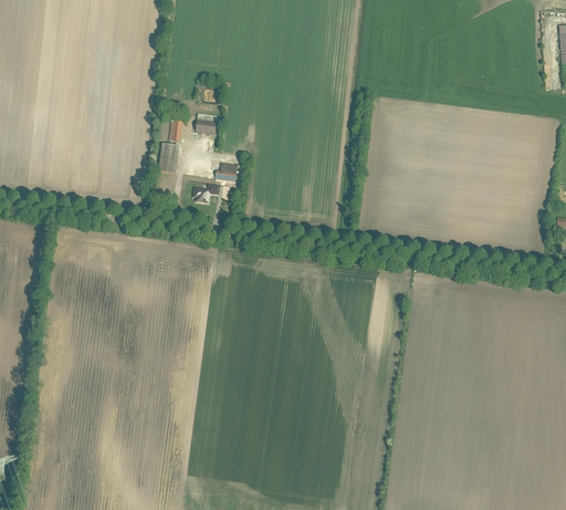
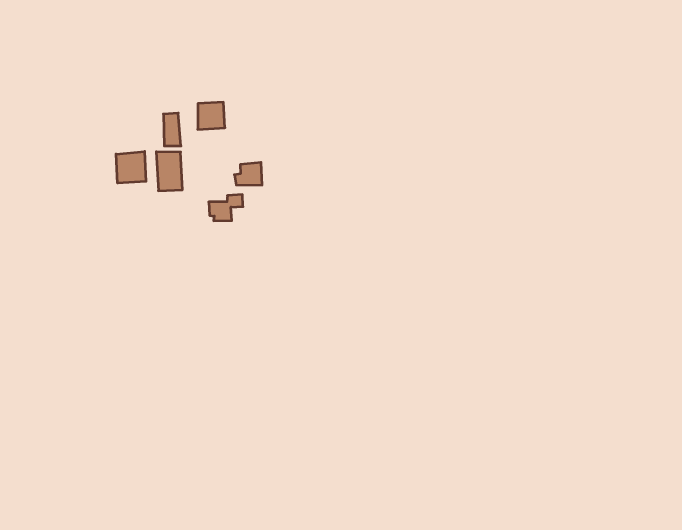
building: none -> [116,151,146,183]

